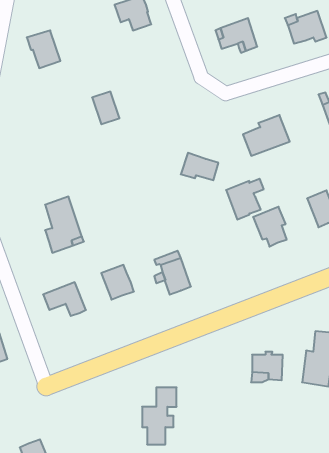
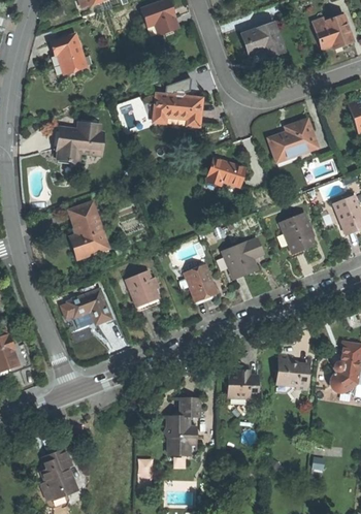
building: none -> [153,93,201,127]
building: none -> [57,122,102,161]
building: [226,179,264,220] -> [222,237,260,279]
building: none -> [228,376,261,398]

